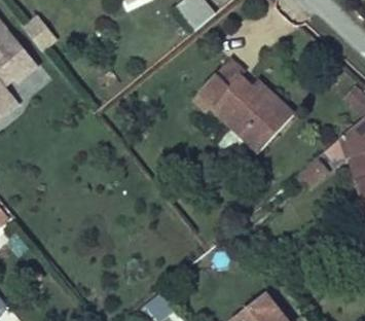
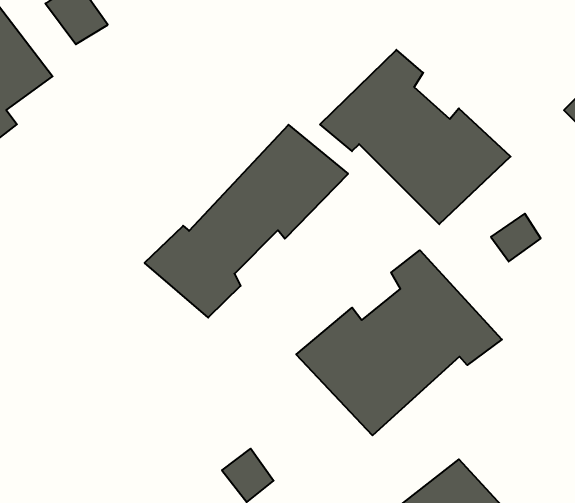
building: none -> [145,125,348,318]
building: none -> [296,250,502,435]

